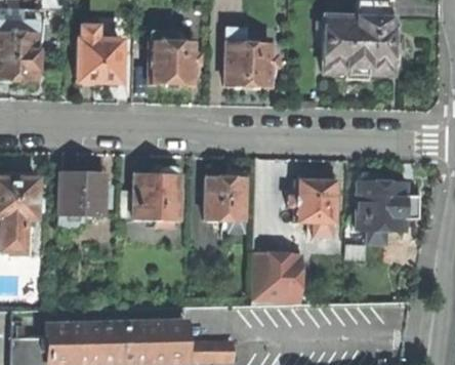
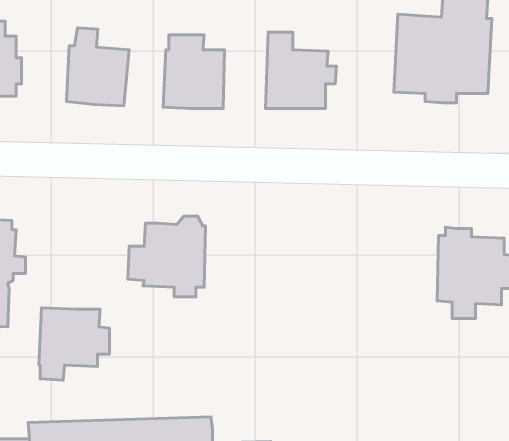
building: [59,172,113,227] -> [39,308,110,380]
building: [206,176,246,235] -> none
building: [294,180,336,237] -> none
building: [252,250,301,301] -> none

